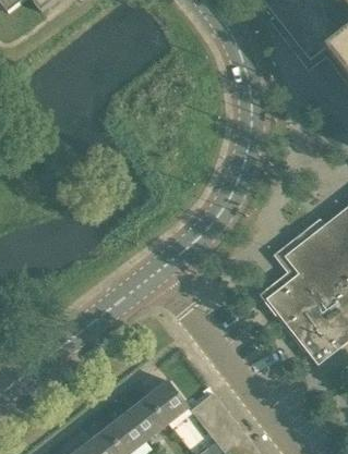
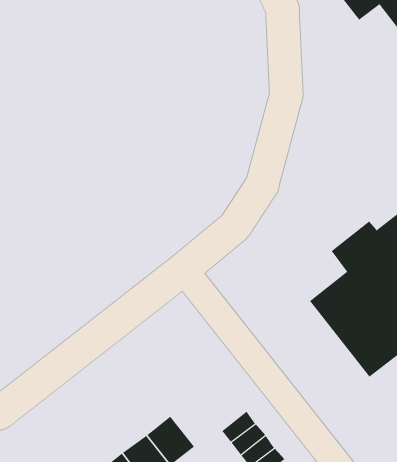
building: [146,380,188,422] -> none

